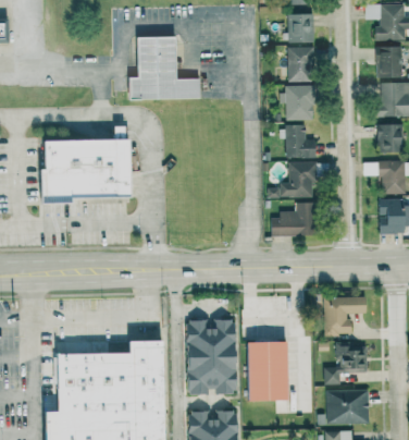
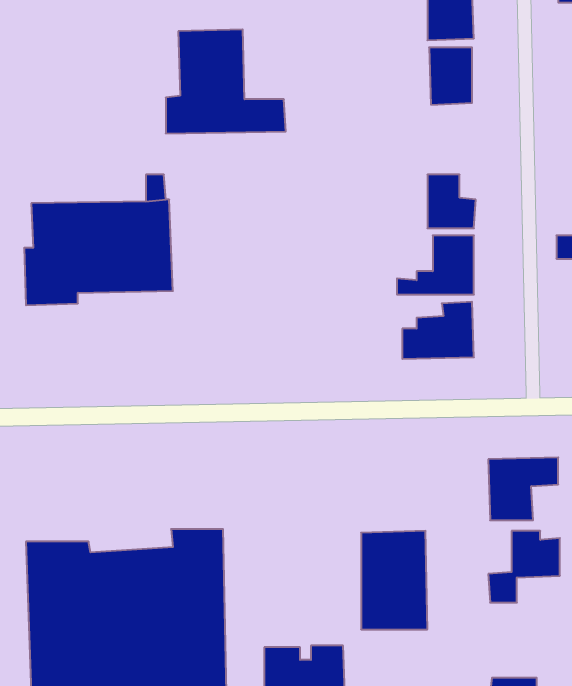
building: [282,86,314,120] -> none
building: [186,320,234,394] -> none
building: [326,389,368,424] -> none

